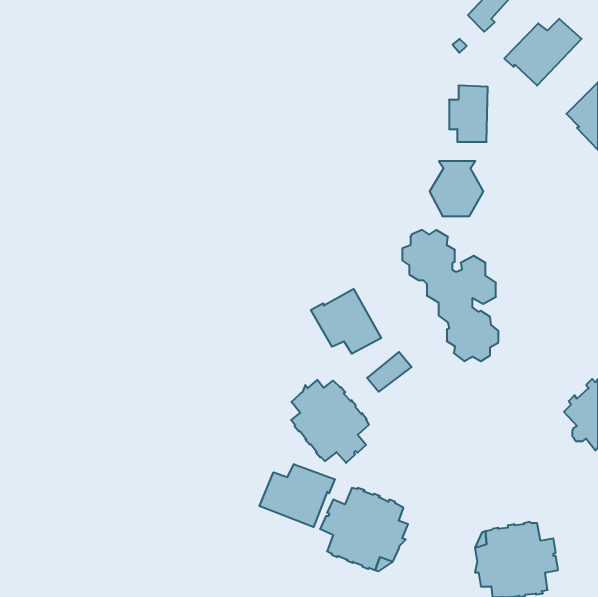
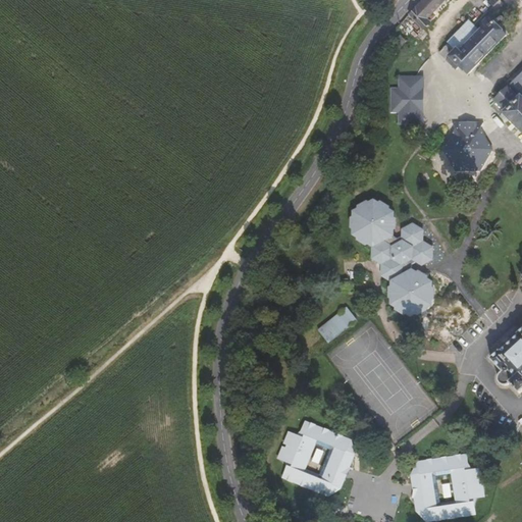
building: [430,161,483,216] -> [441,120,488,168]
building: [311,289,381,354] -> none
building: [291,380,369,463] -> none
building: [260,464,335,527] -> none

